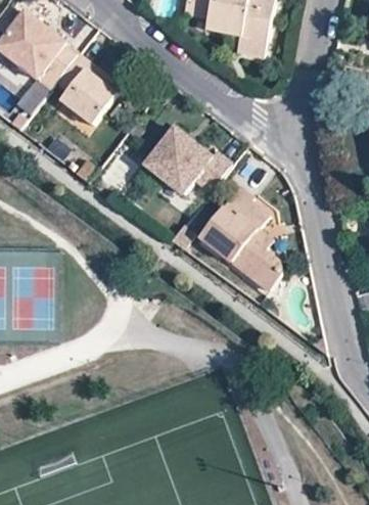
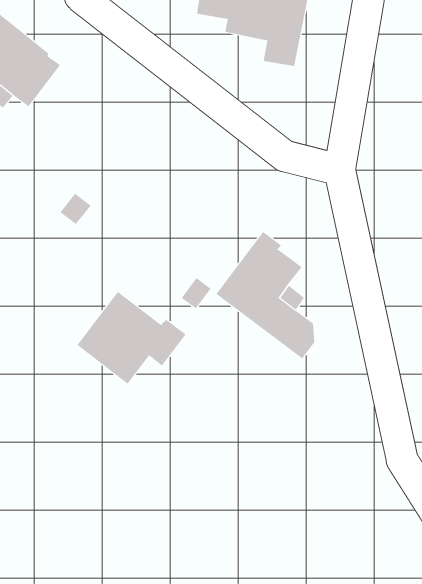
building: [56,52,116,123] -> none
building: [143,126,231,200] -> [77,291,186,384]

